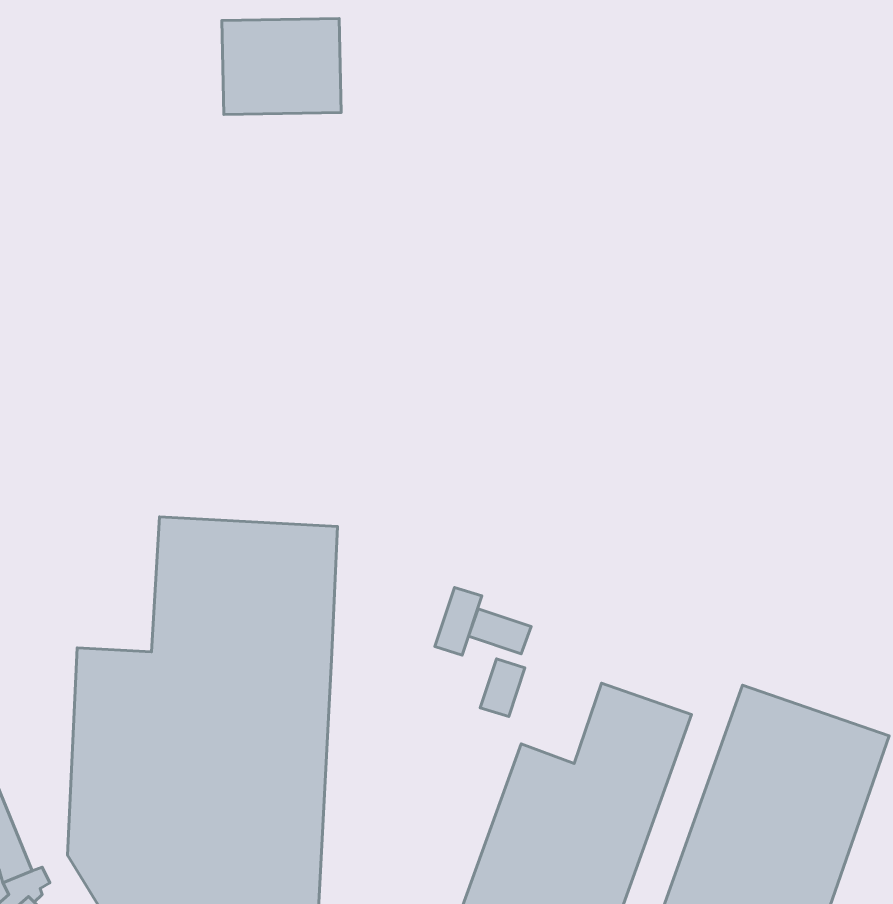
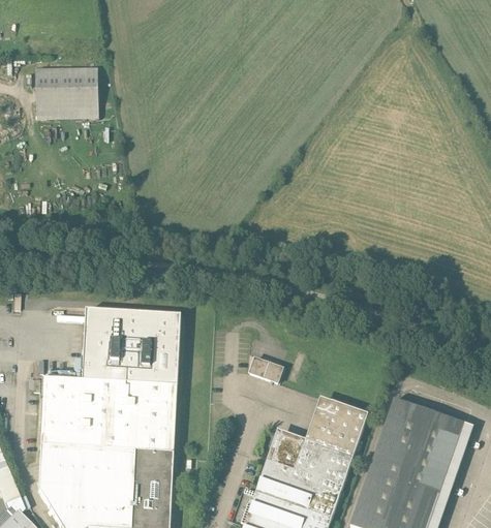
building: [222,19,341,114] -> [35,68,98,119]
building: [435,587,482,655] -> none
building: [480,659,525,717] -> none

